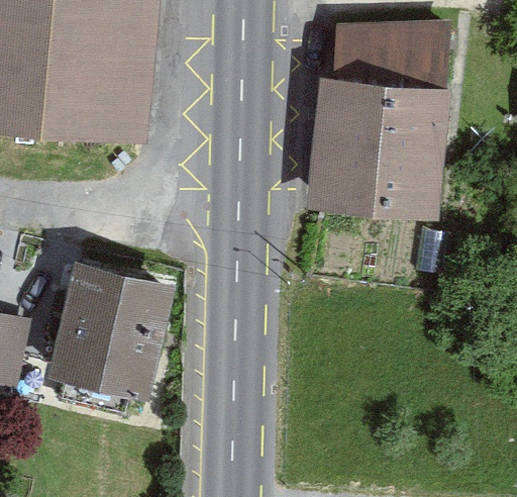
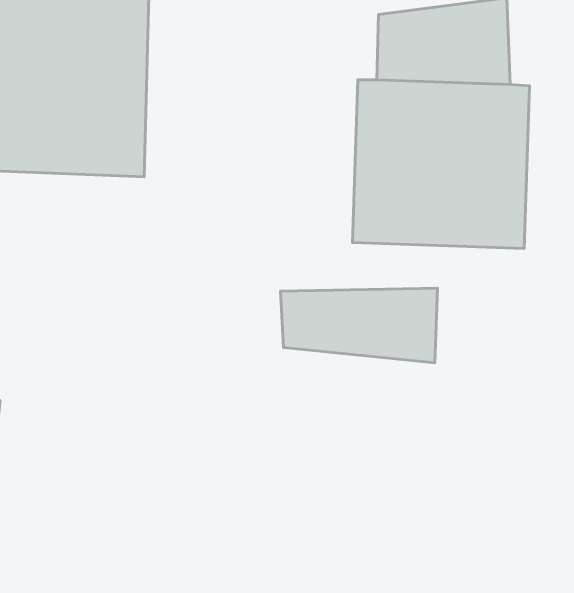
building: none -> [281,288,437,363]
building: [47,262,172,397] -> none

